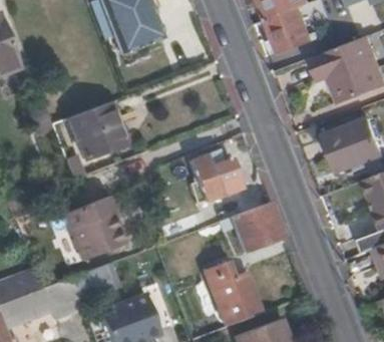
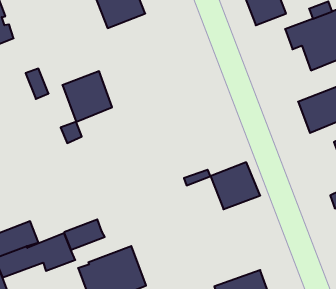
building: [188,147,245,207] -> none
building: [64,200,127,261] -> none
building: [204,262,260,323] -> none

